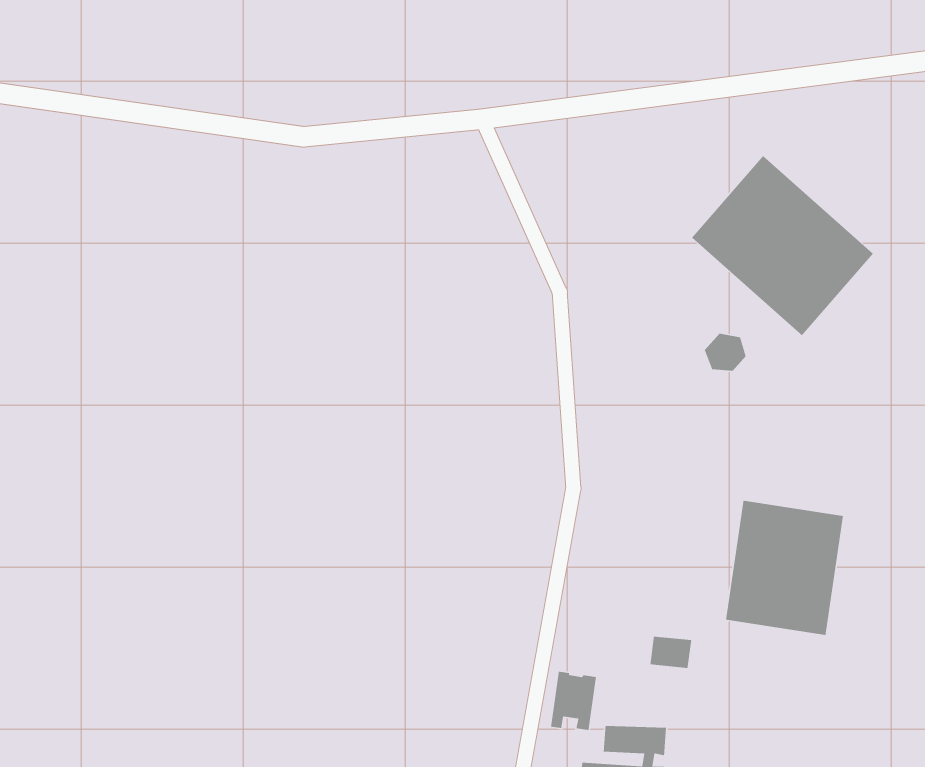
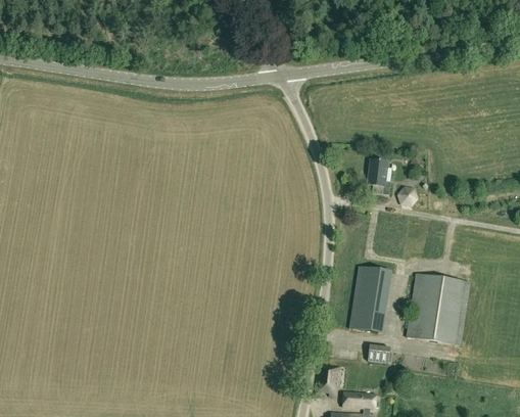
building: [691,155,874,336] -> none
building: none -> [367,158,390,194]
building: none -> [348,265,387,331]

